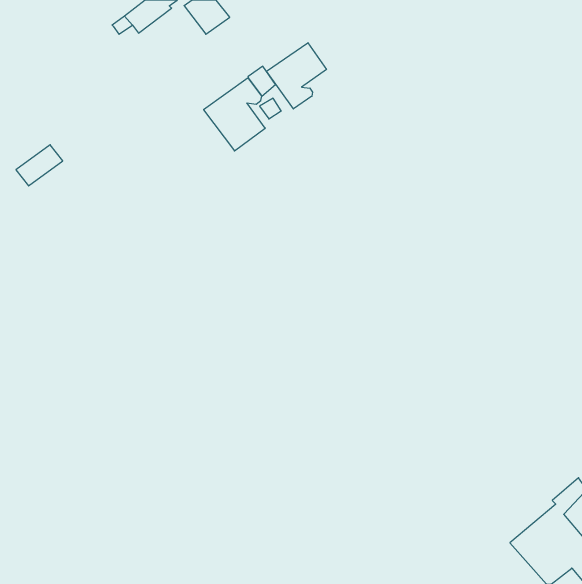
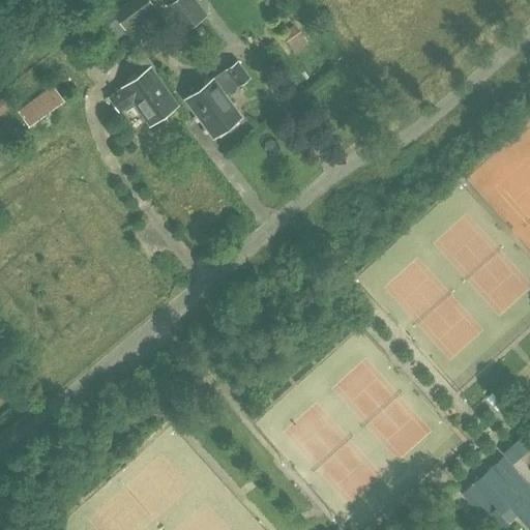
building: [266,43,326,109] -> none
building: none -> [113,58,177,124]
building: [16,145,63,186] -> [19,89,61,126]

